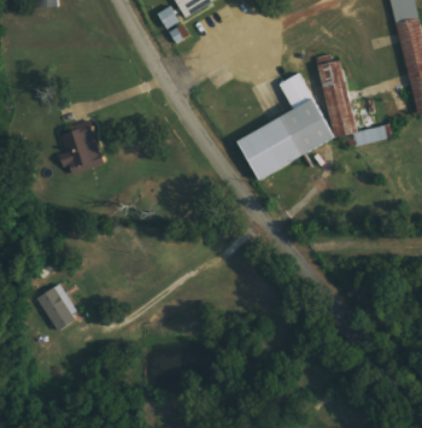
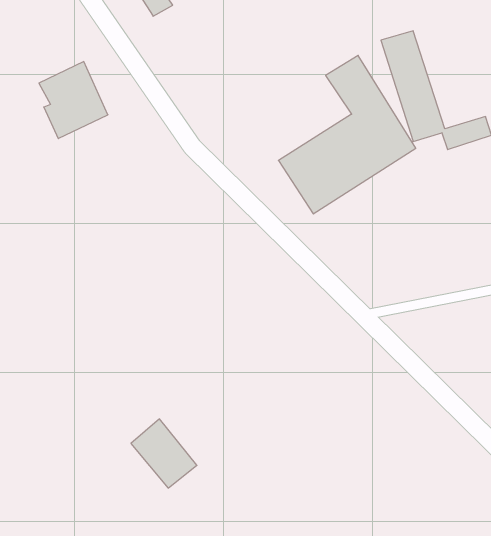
building: [58,125,102,176] -> [39,62,108,139]
building: [35,283,78,332] -> [131,419,197,488]

